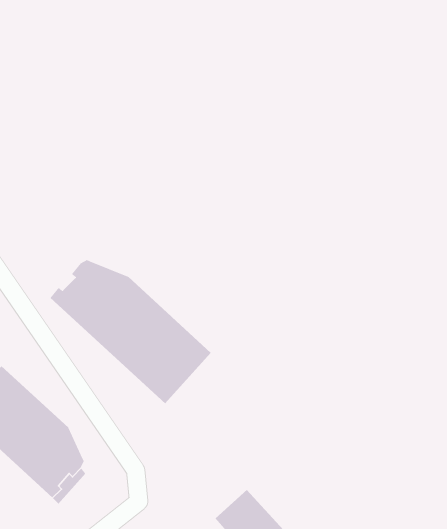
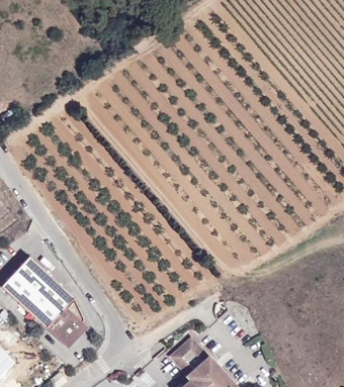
building: [49,259,212,404] -> none

